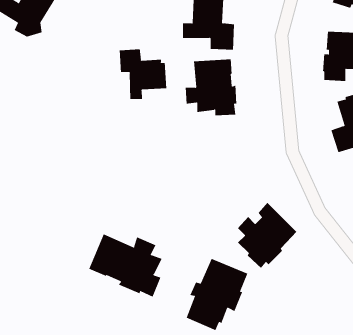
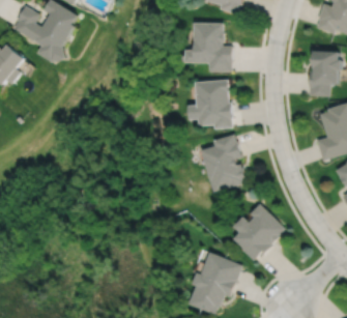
building: [119,48,167,100] -> none
building: none -> [200,132,245,190]
building: [89,233,163,297] -> none

